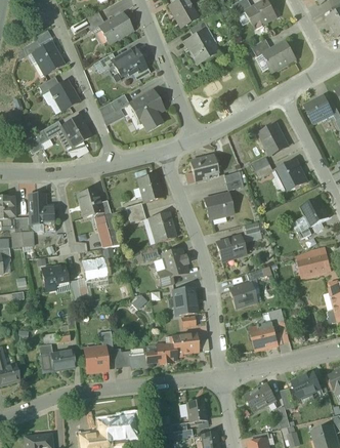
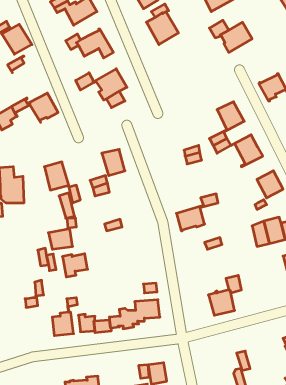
building: [50,80,79,111] -> none
building: [189,155,218,181] -> none
building: [204,193,233,218] -> none
building: [148,212,175,242] -> none
building: [158,248,187,287] -> none
building: [41,266,68,290] -> [62,254,88,277]
building: [229,282,256,308] -> none
building: [175,287,195,314] -> none
building: [40,350,74,371] -> none
building: [292,372,321,398] -> none
building: [245,383,275,411] -> none

